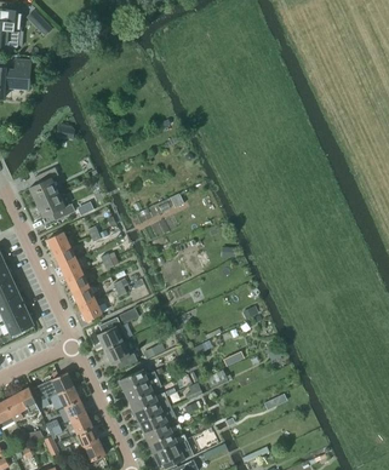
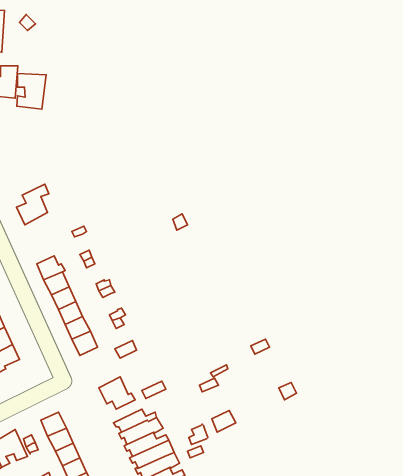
building: none -> [17,74,46,109]
building: [36,193,75,220] -> none
building: [97,317,126,350] -> none

